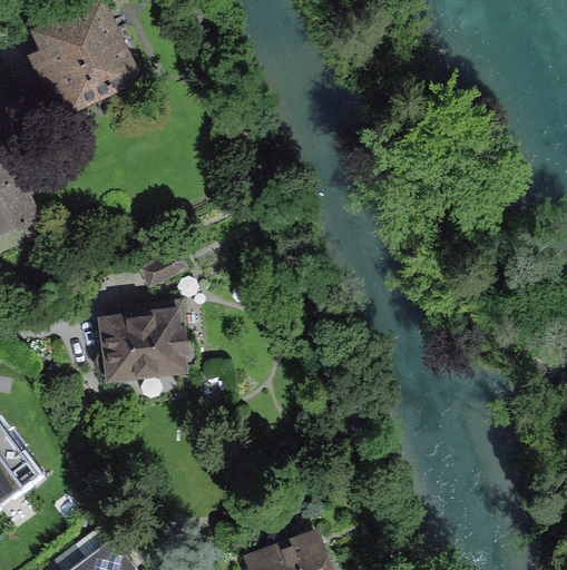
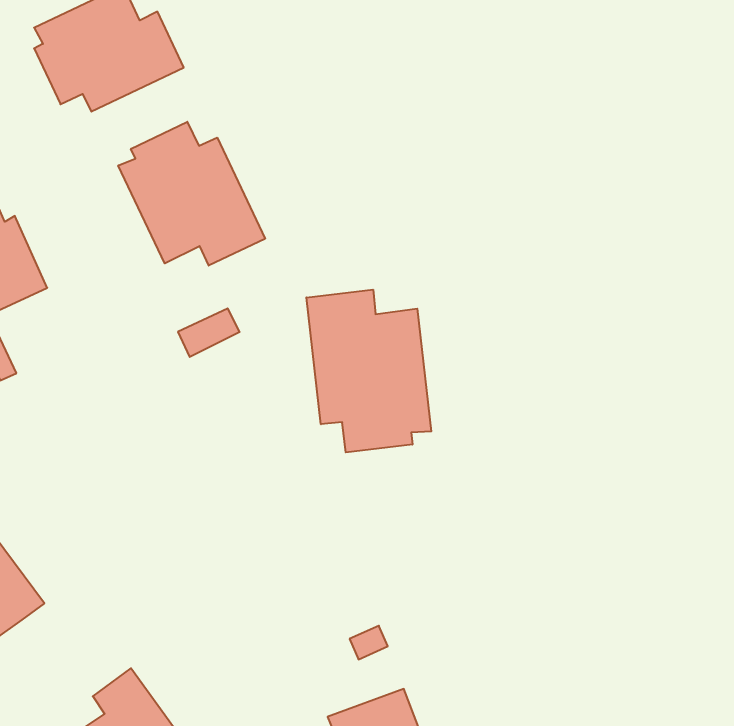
building: none -> [118,122,265,266]
building: none -> [306,290,431,452]
building: [91,302,193,377] -> none

